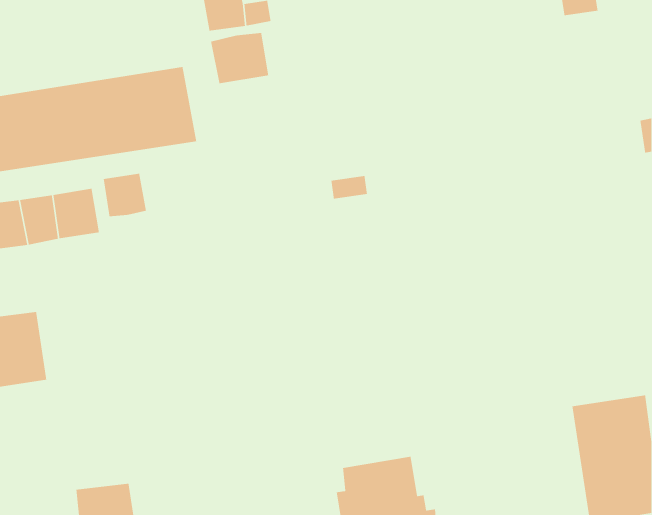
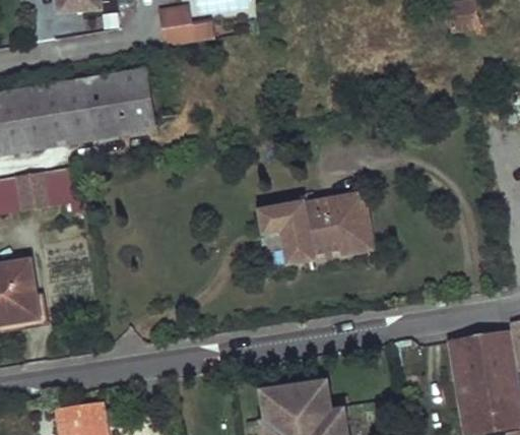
building: [210,32,269,84] -> none
building: [103,173,147,217] -> none
building: none -> [259,196,368,264]

